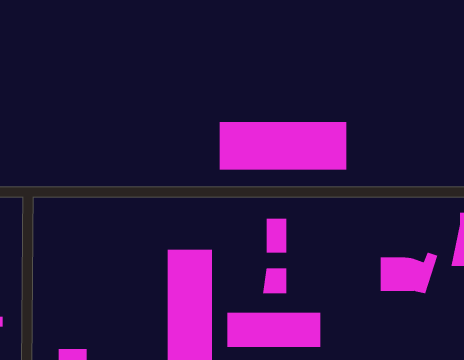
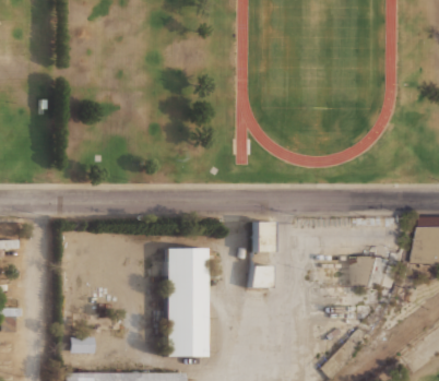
building: [219,121,347,170] -> none
building: [227,312,321,348] -> none

